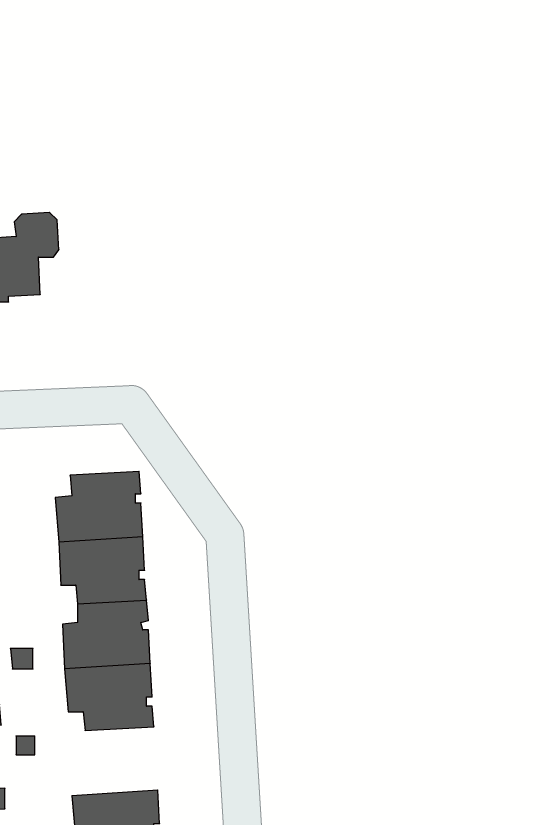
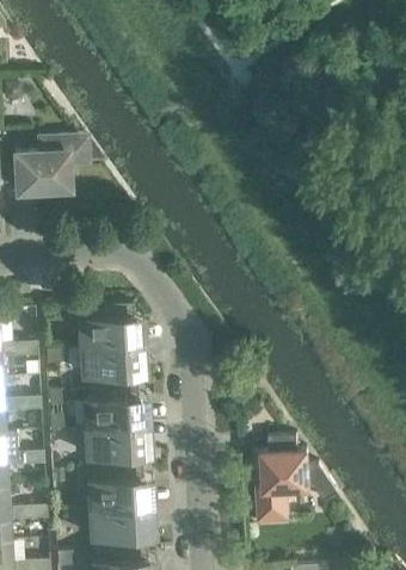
building: none -> [252,435,336,522]
building: none -> [86,466,142,510]

